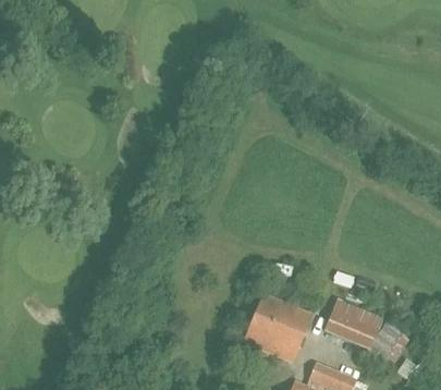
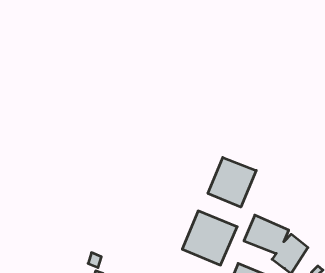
building: none -> [208,157,256,207]

